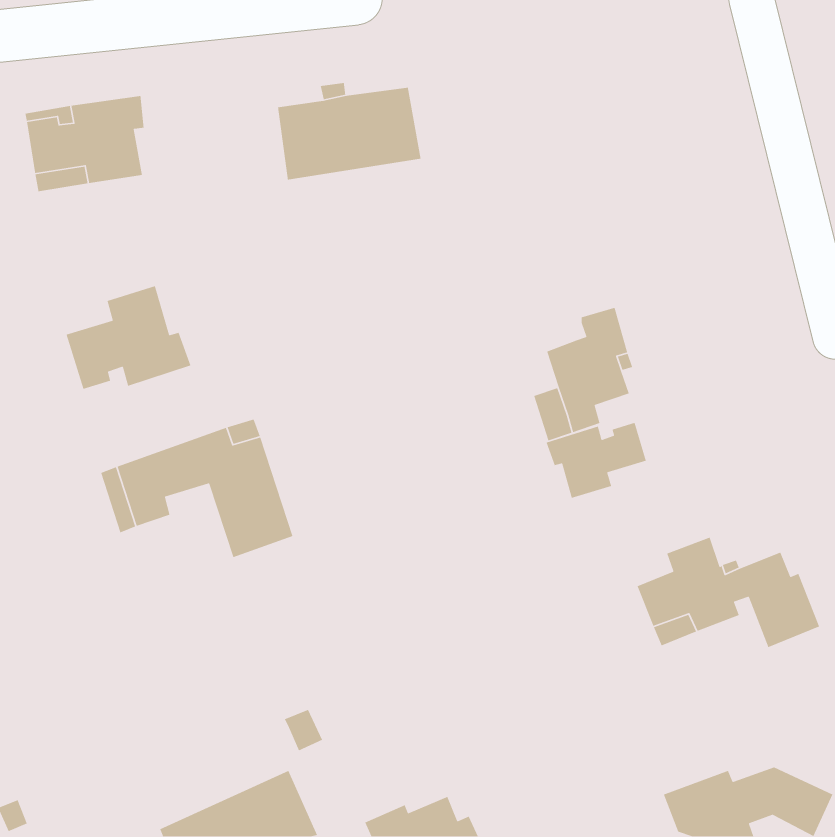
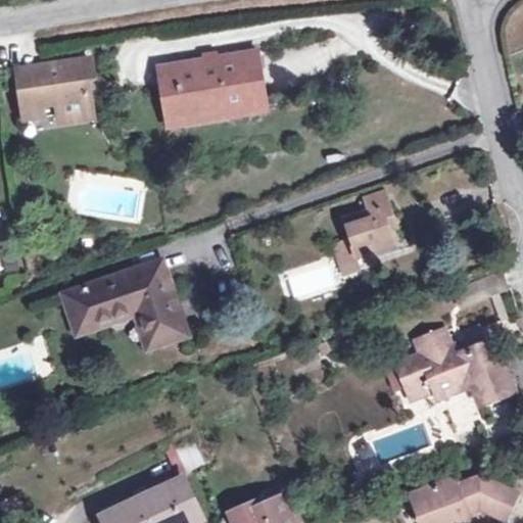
building: none -> [157,66,265,127]
building: [65,285,191,390] -> none
building: [545,422,647,499] -> none

